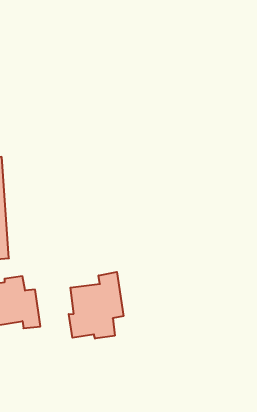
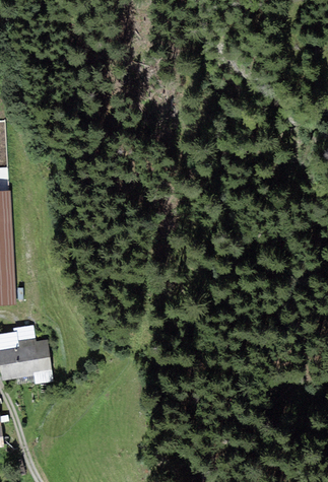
building: [69,272,123,339] -> none

